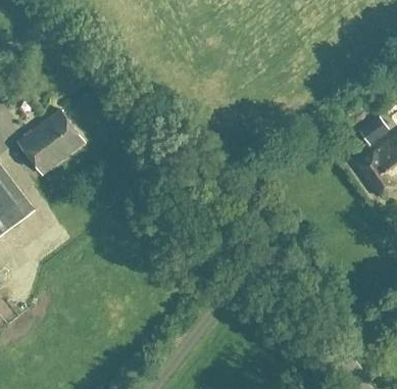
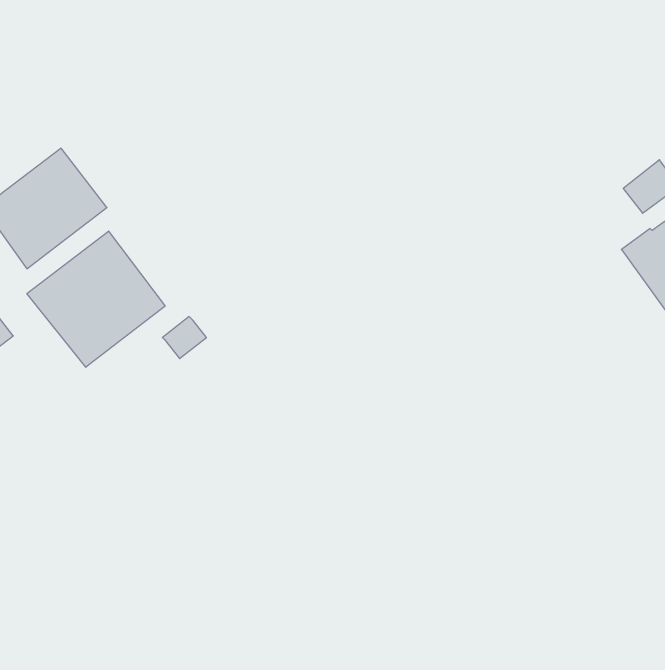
building: none -> [27,231,165,367]

